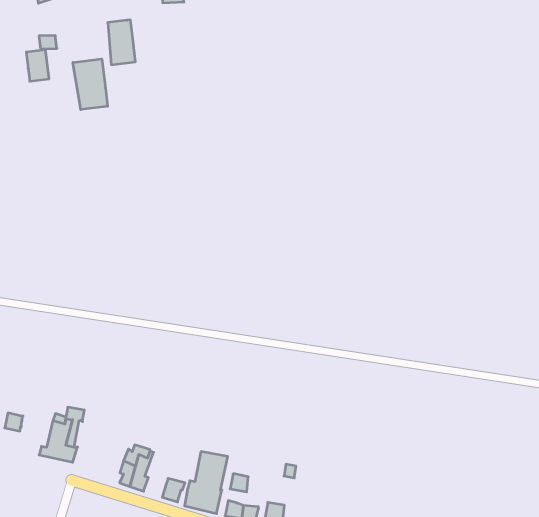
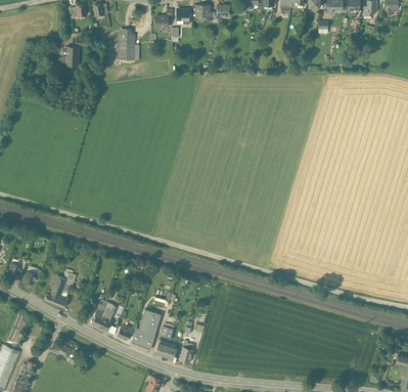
building: [73,59,108,110] -> none

